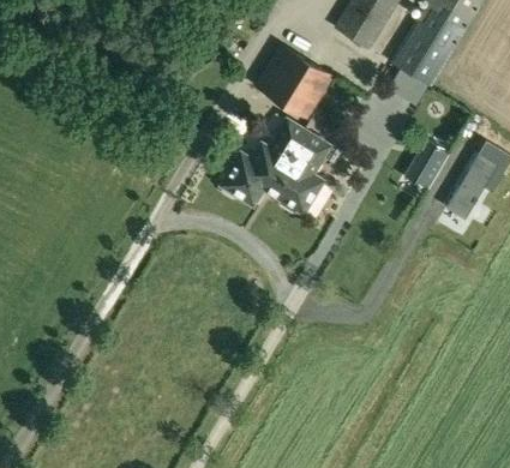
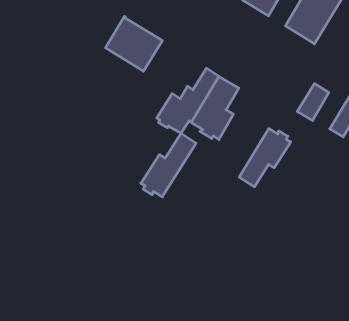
building: [257,43,332,116] -> [106,16,162,71]
building: none -> [239,129,291,187]
building: none -> [141,133,196,197]

